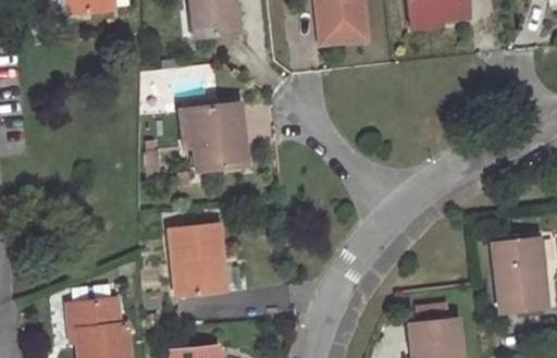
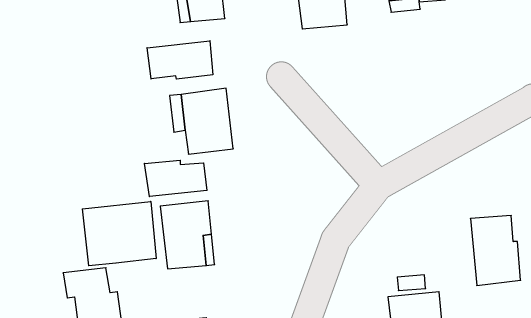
building: none -> [147,41,213,79]
building: none -> [144,160,207,197]
building: none -> [82,201,156,266]

